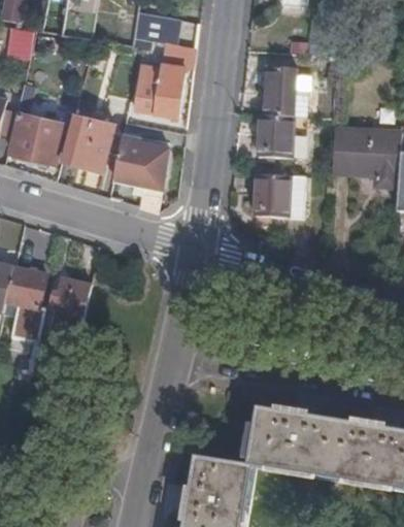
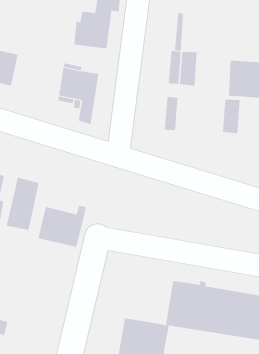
building: [272,68,297,118] -> none
building: [62,111,113,166] -> none
building: [265,175,289,220] -> [222,99,241,134]
building: none -> [38,205,86,248]

